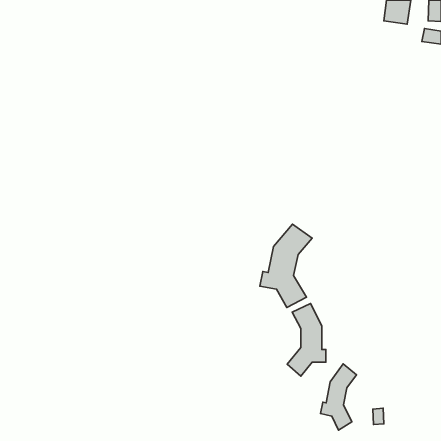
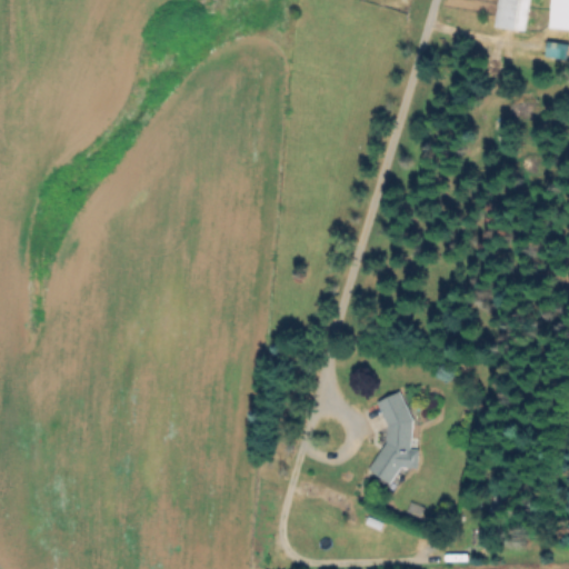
building: [260,224,312,307] -> none
building: [320,364,357,430] -> none

